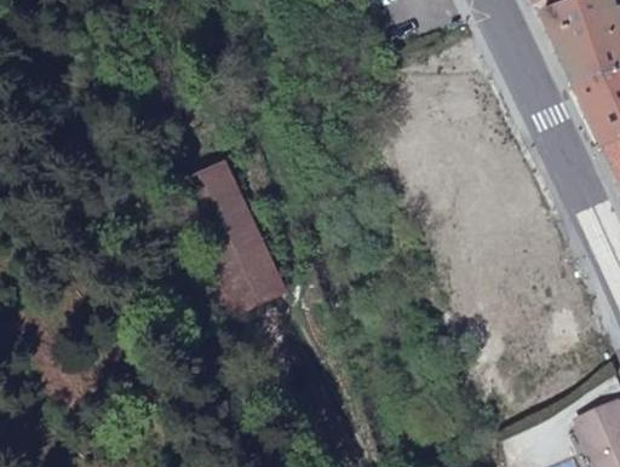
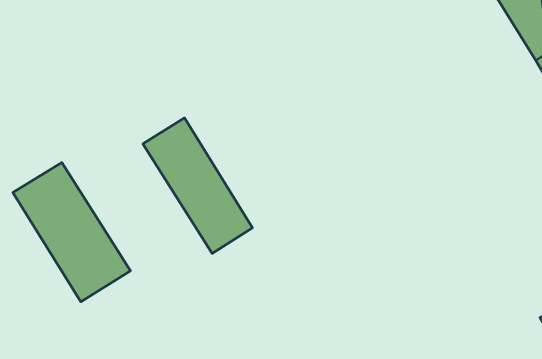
building: none -> [13,163,130,302]

